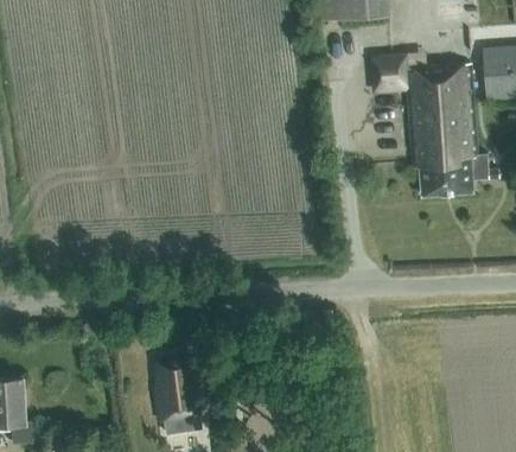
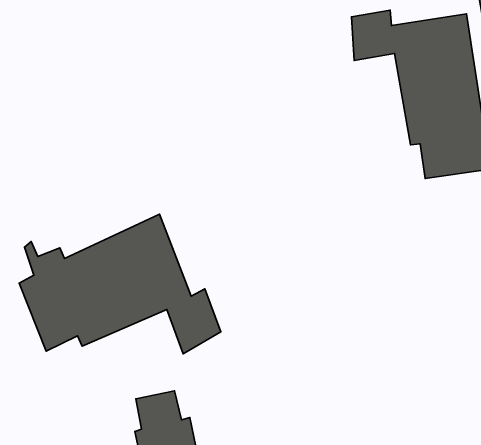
building: none -> [19,214,221,354]

